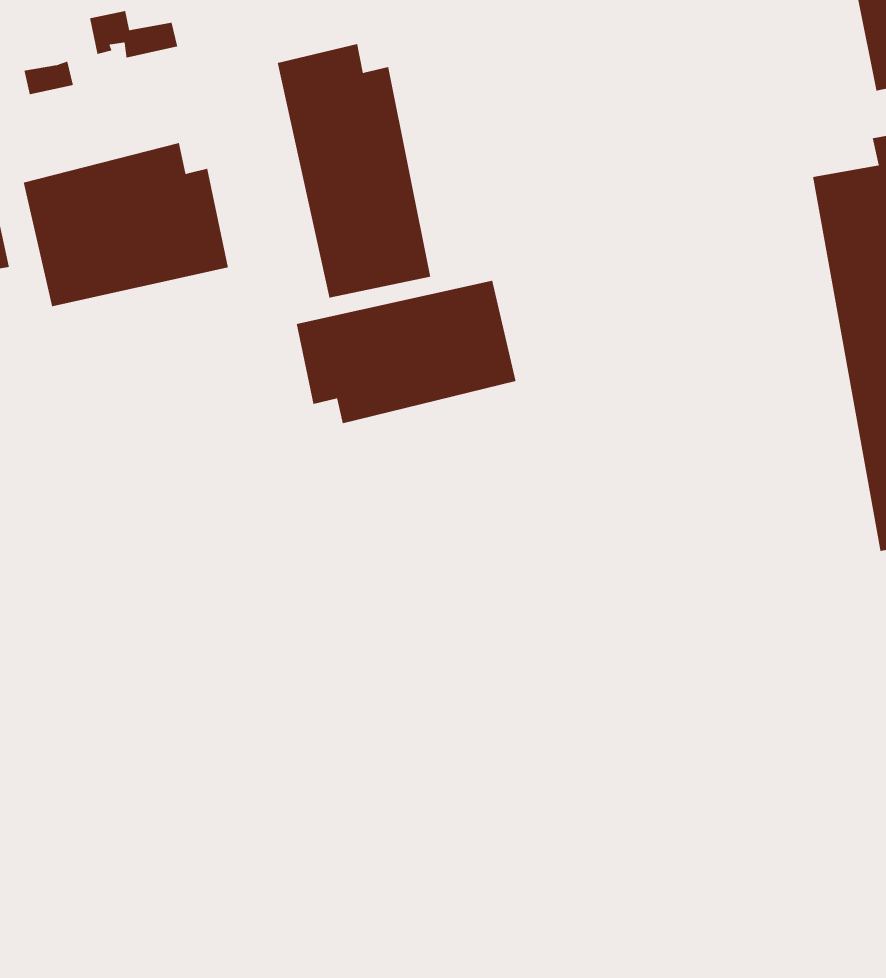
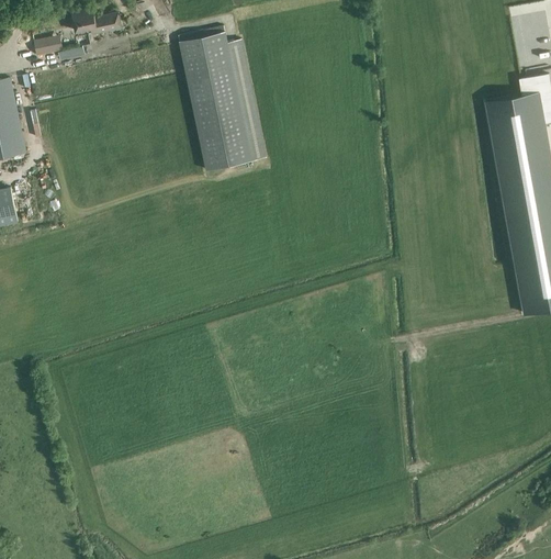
building: [23,142,229,307] -> none
building: [296,280,516,424] -> none

